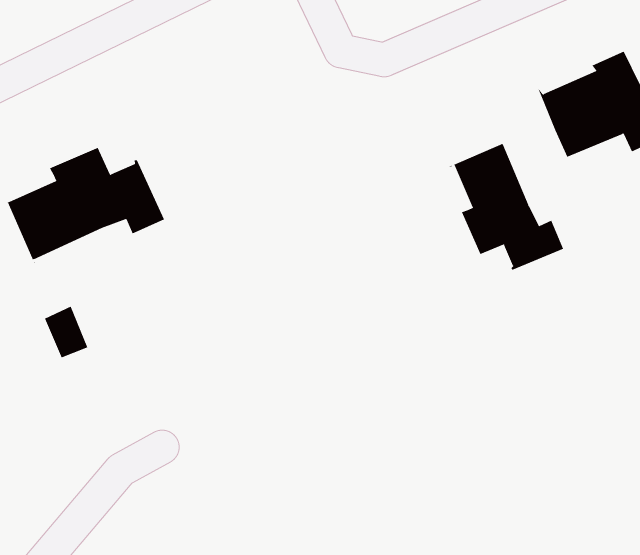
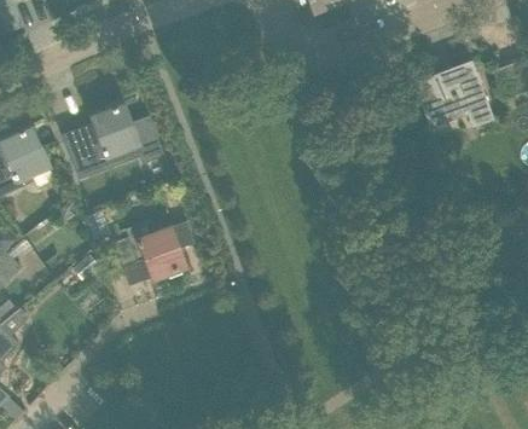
building: [449,142,564,271] -> none
building: none -> [112,219,195,280]

